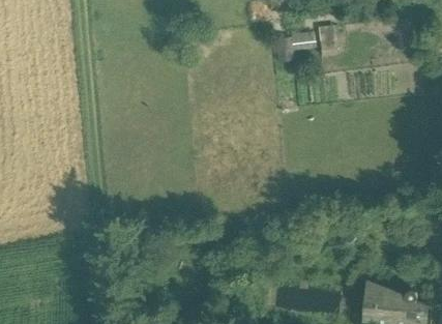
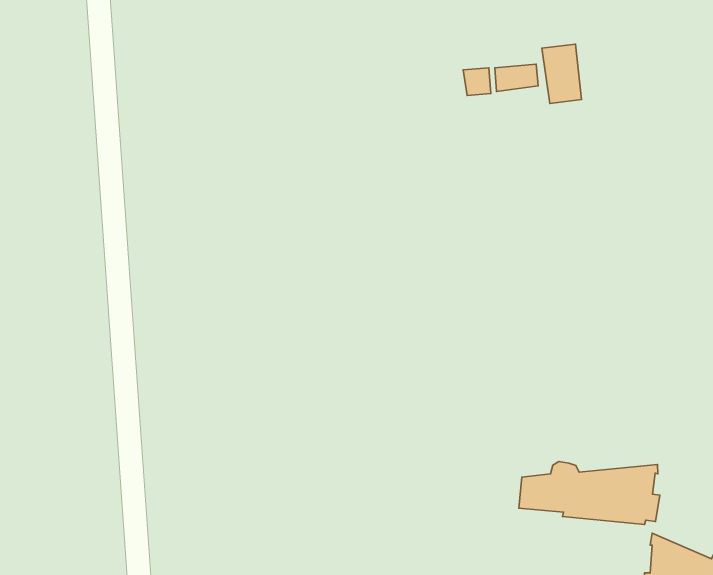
building: none -> [519,462,660,524]

